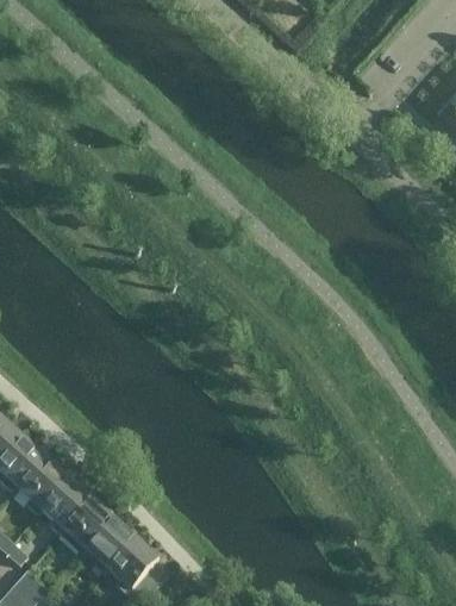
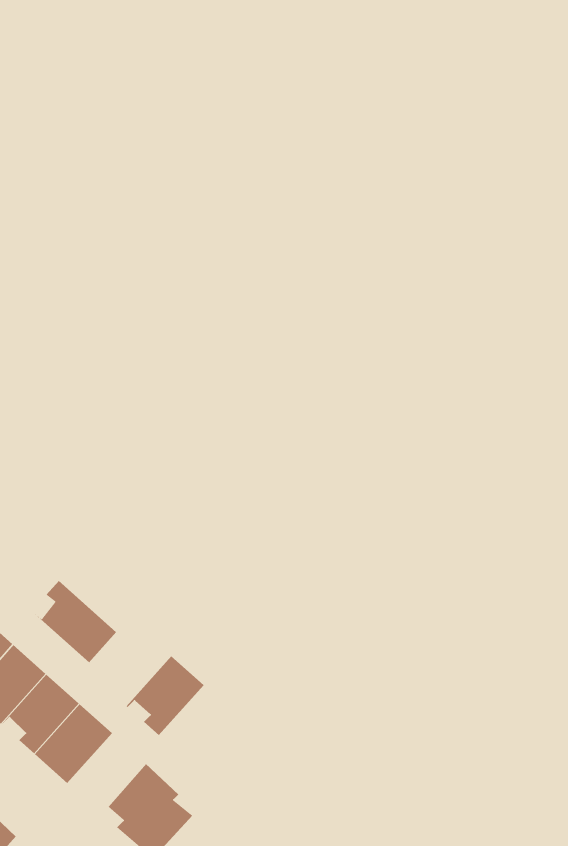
building: none -> [31,580,117,663]
building: [82,516,136,570] -> [126,655,204,736]

